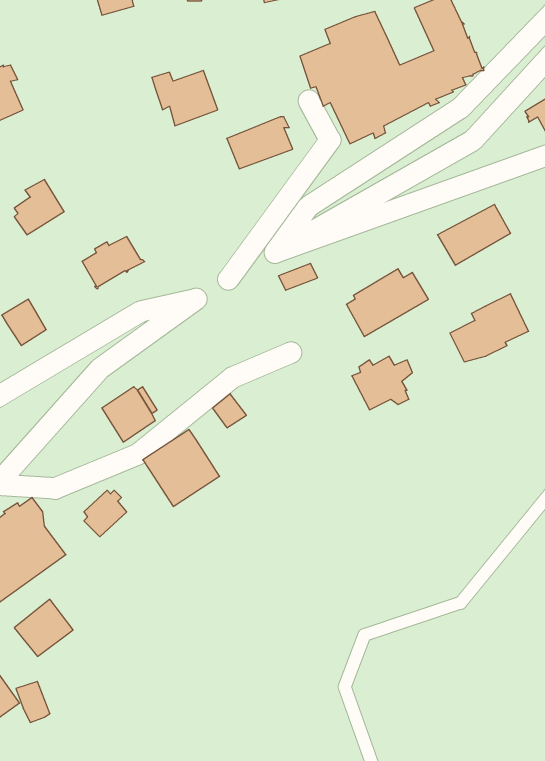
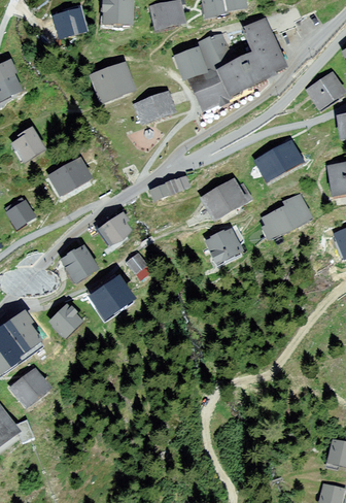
building: none -> [102,211,126,243]

